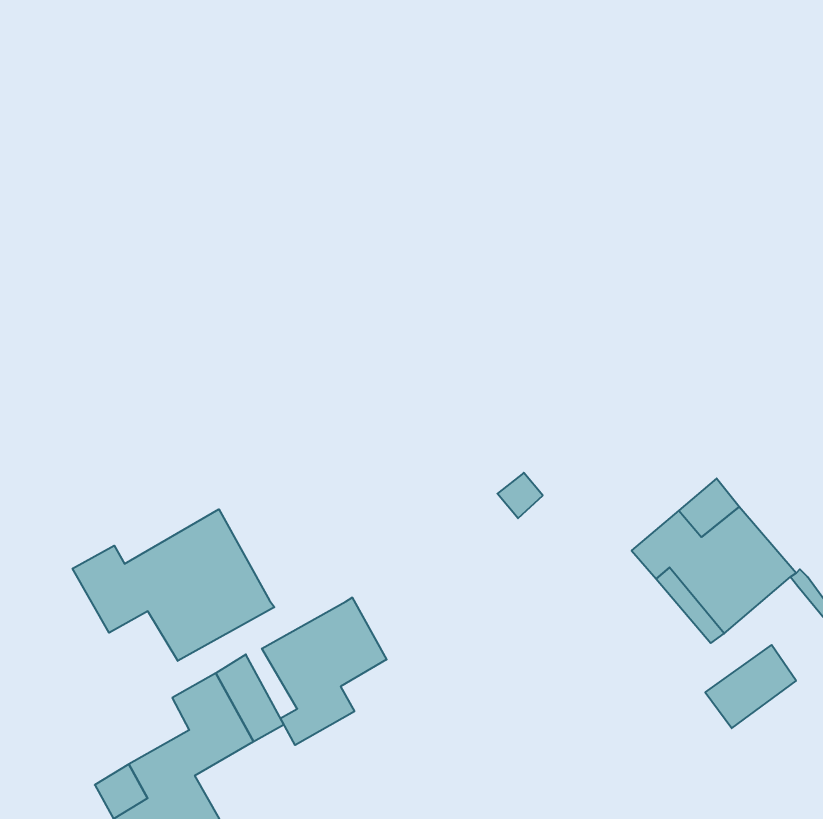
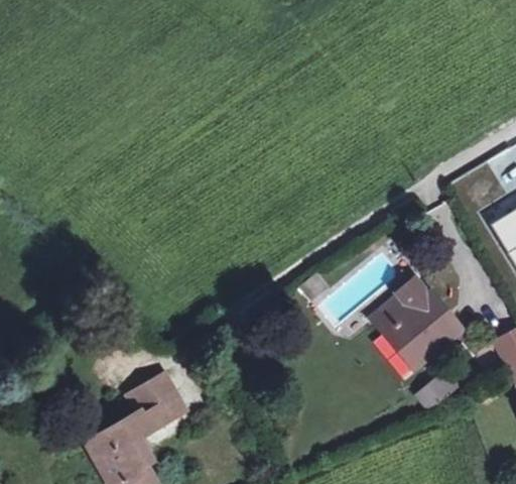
building: [73,509,274,661] -> none
building: [262,597,387,745] -> none

